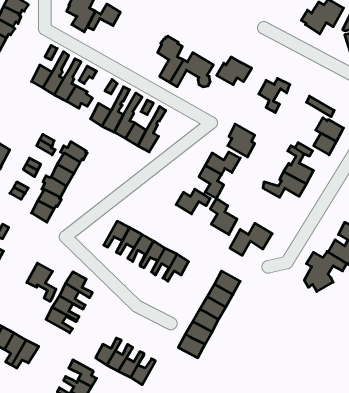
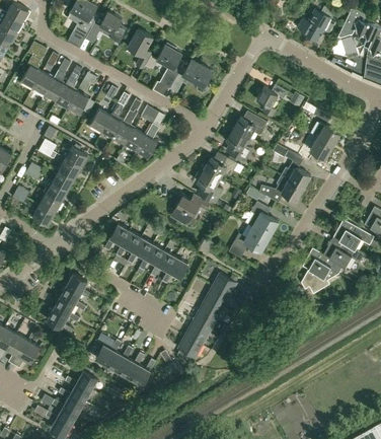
building: none -> [128,28,153,68]
building: none -> [21,46,47,87]
building: [217,57,252,85] -> [233,111,268,138]
building: [210,198,237,235] -> [251,201,278,236]
building: [27,263,56,301] -> none

